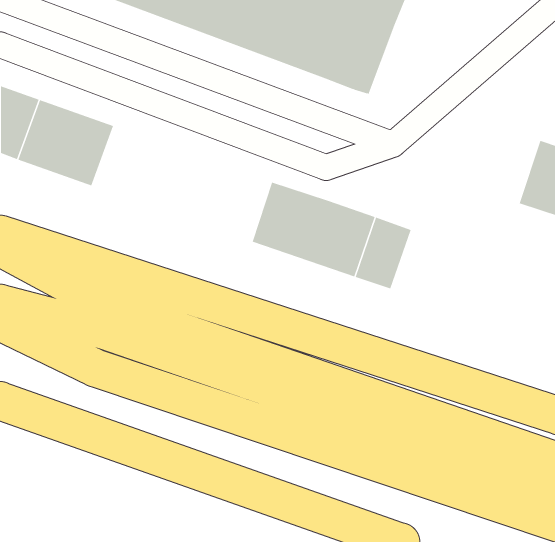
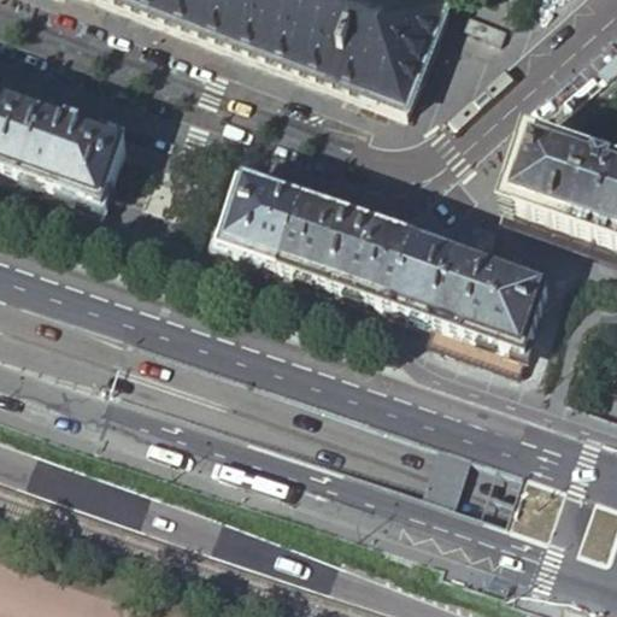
building: none -> [509,133,599,224]
building: none -> [221,178,304,266]
building: none -> [435,253,552,351]

